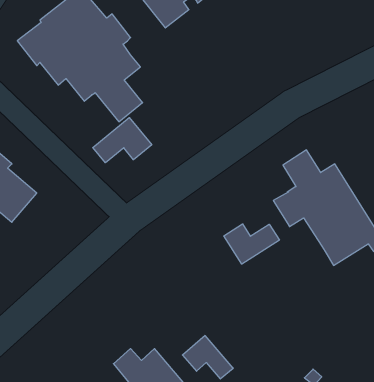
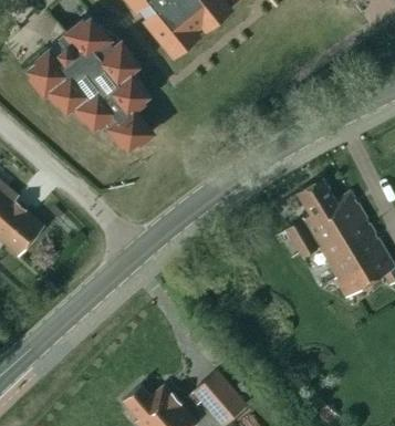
building: [93,118,152,163] -> none
building: [224,224,279,264] -> none

